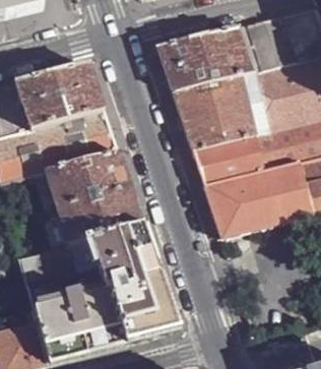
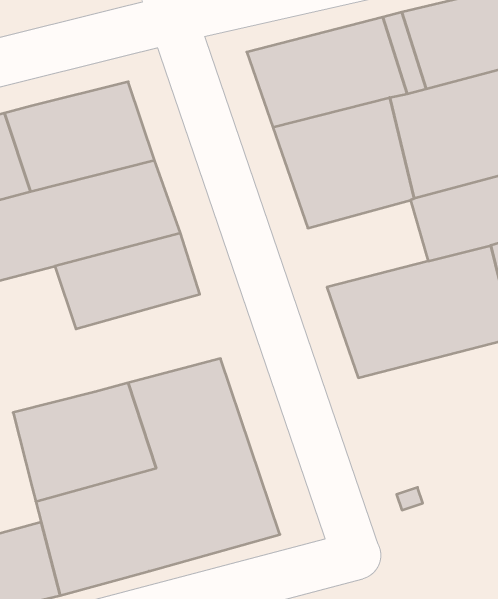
building: [193,131,263,182] -> none
building: [58,186,142,243] -> none

